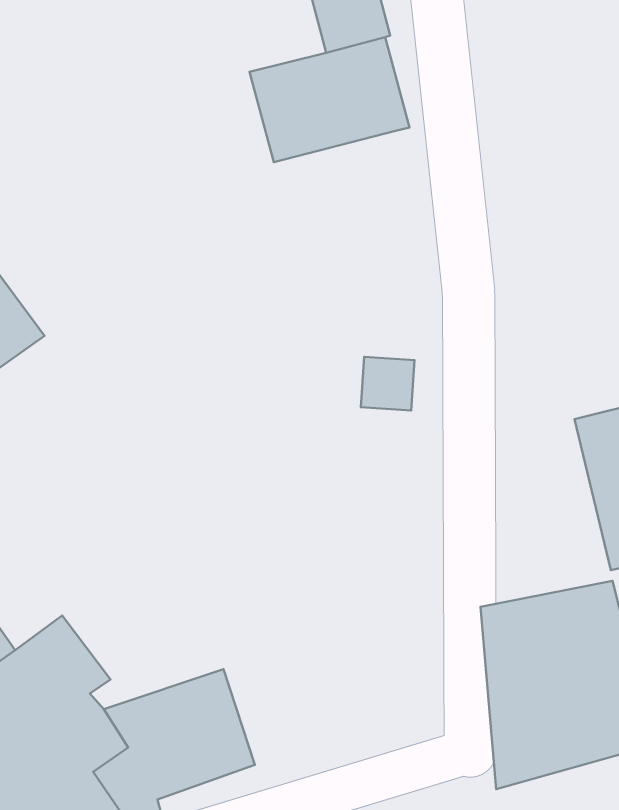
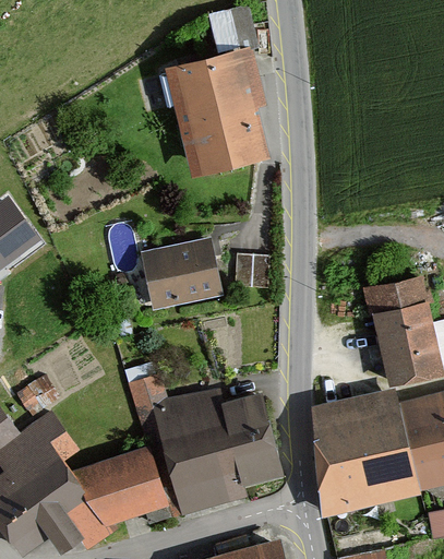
building: none -> [180,107,269,178]
building: none -> [145,239,218,300]
building: none -> [124,373,284,514]

